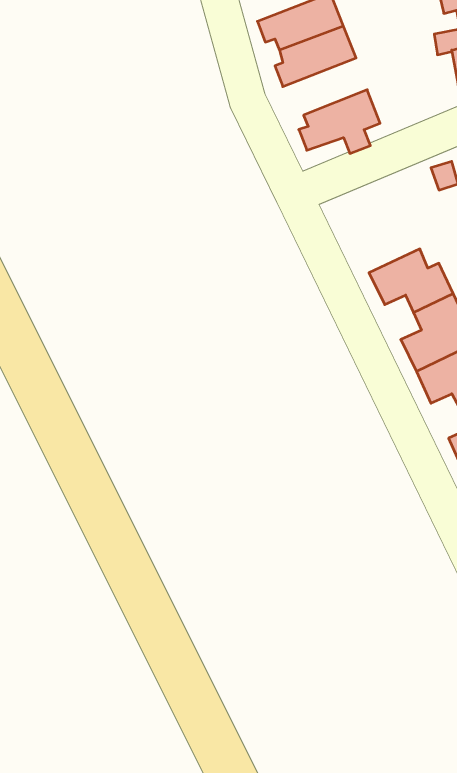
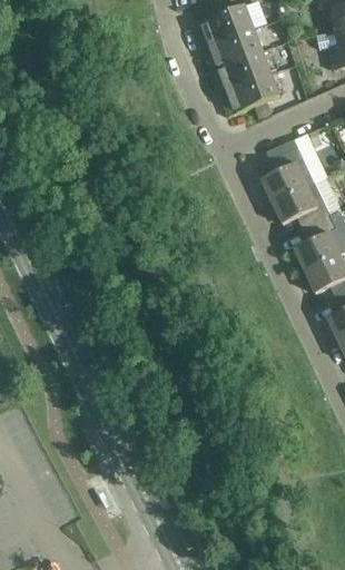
building: none -> [211,51,270,91]
building: none -> [256,138,308,202]

